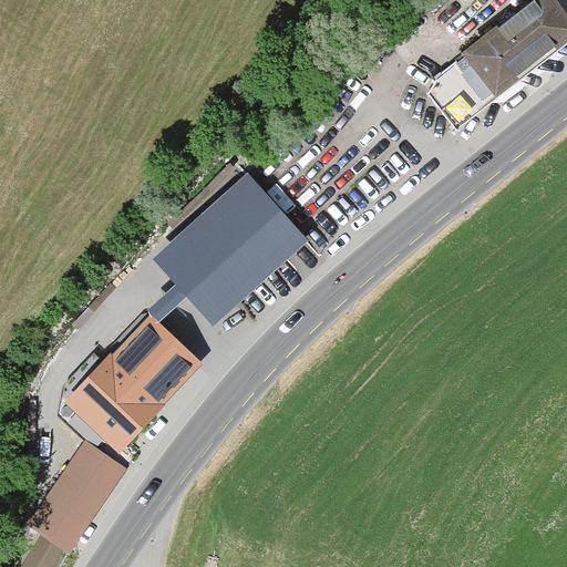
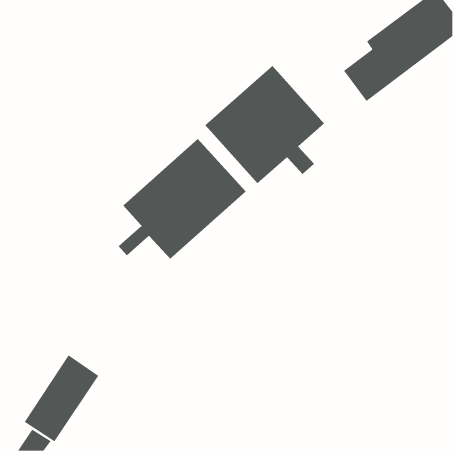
building: none -> [205,65,325,184]
building: [70,317,198,449] -> none

